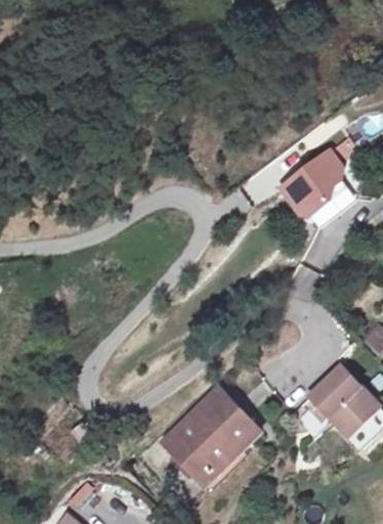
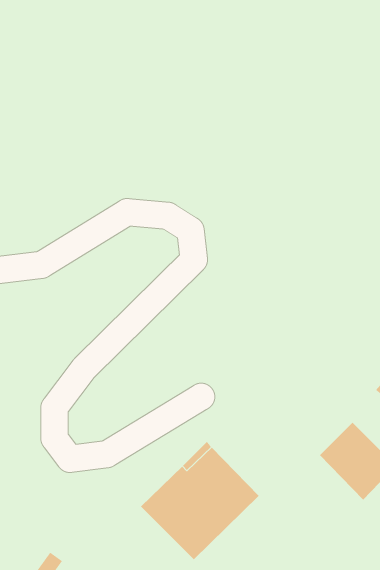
building: [281,149,343,215] -> none

